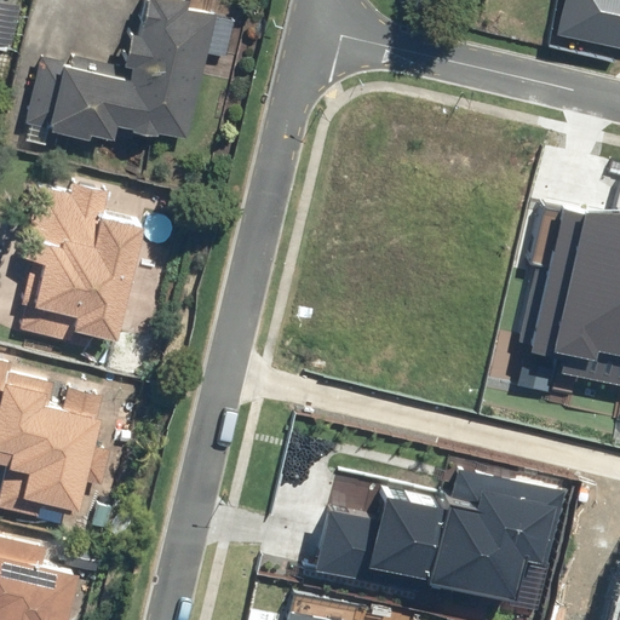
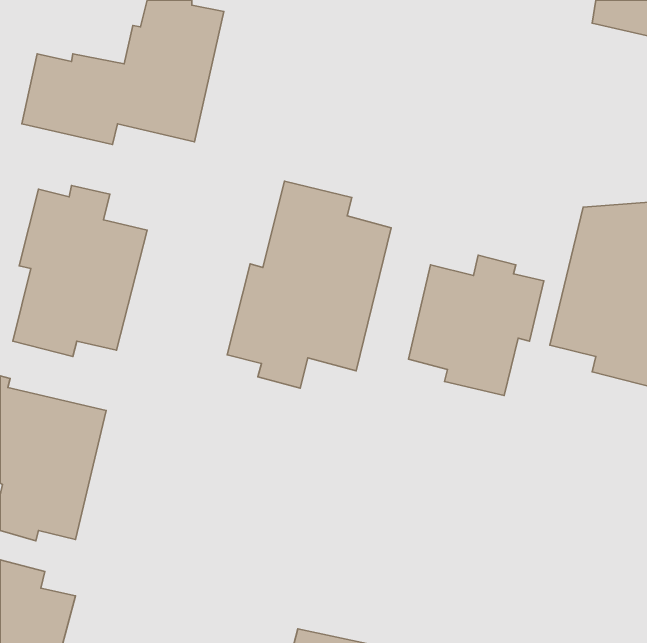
building: none -> [227,181,391,388]
building: none -> [409,255,544,395]
building: [315,463,568,592] -> none

